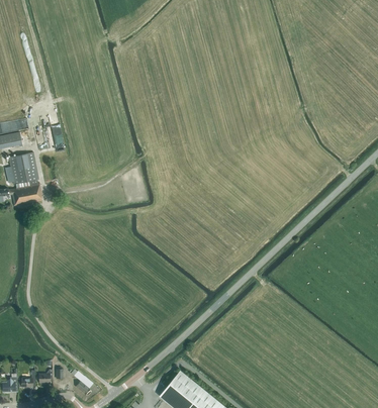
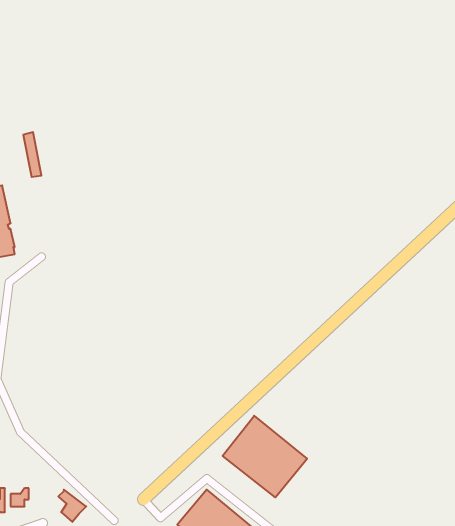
building: none -> [223,416,307,497]

